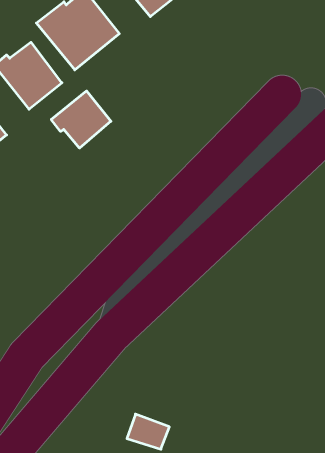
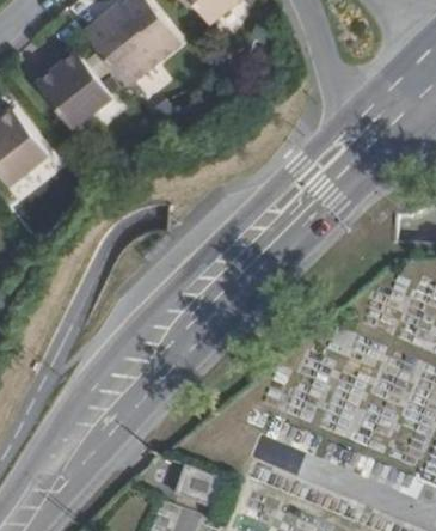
building: [51,91,111,148] -> none

